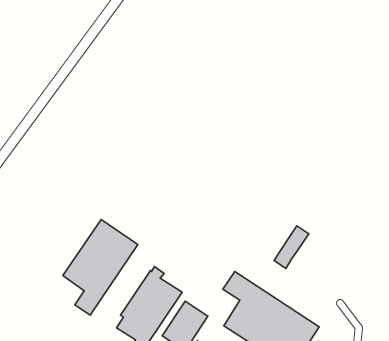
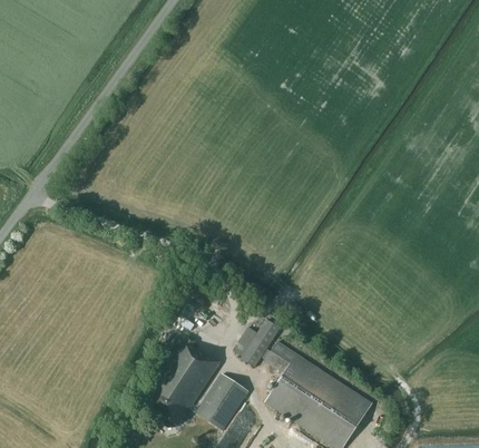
building: [63,220,138,315] -> none
building: [274,226,309,268] -> [241,319,280,367]

